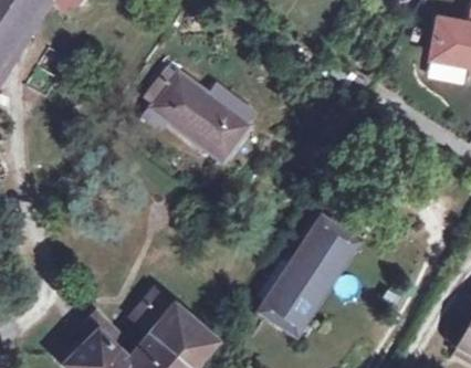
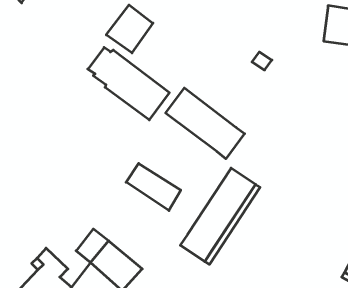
building: none -> [106,5,153,53]
building: none -> [166,88,245,159]
building: none -> [126,163,181,211]

